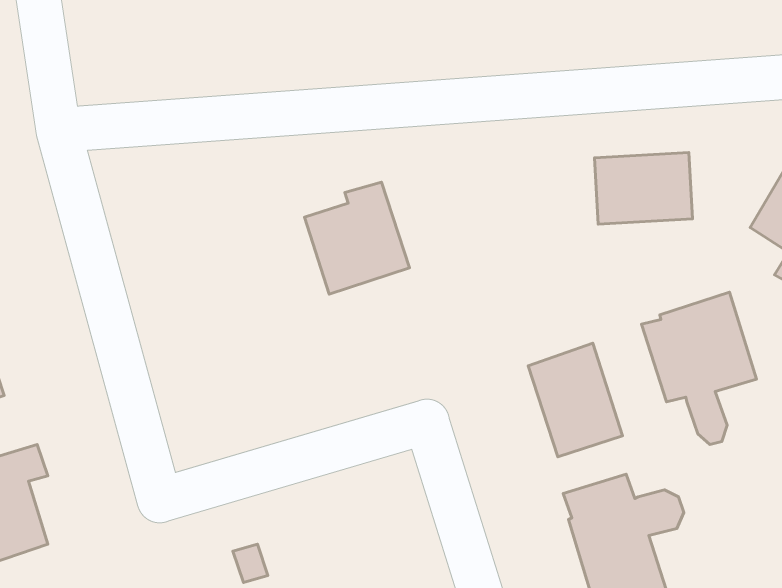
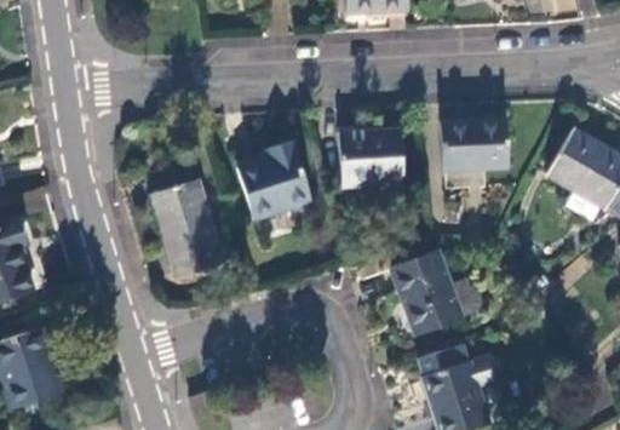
building: none -> [340,131,406,189]
building: none -> [150,180,226,280]
building: [642,292,756,445] -> none

